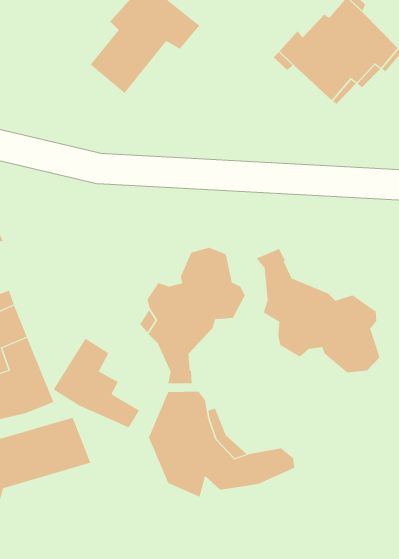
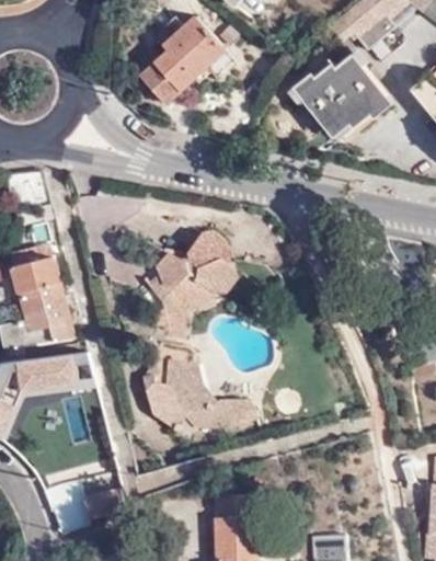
building: [256,248,380,373] -> none
building: [53,338,140,428] -> none

